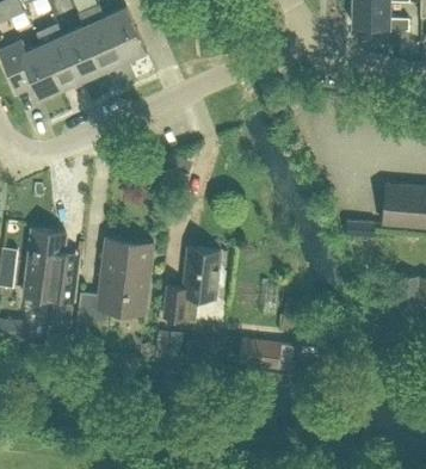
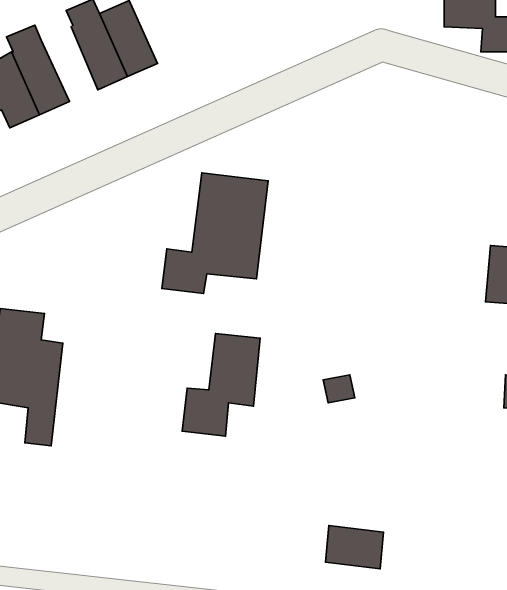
building: [62,26,103,80] -> none
building: [76,237,153,325] -> [162,173,268,294]
building: [239,338,280,369] -> [326,526,384,569]

